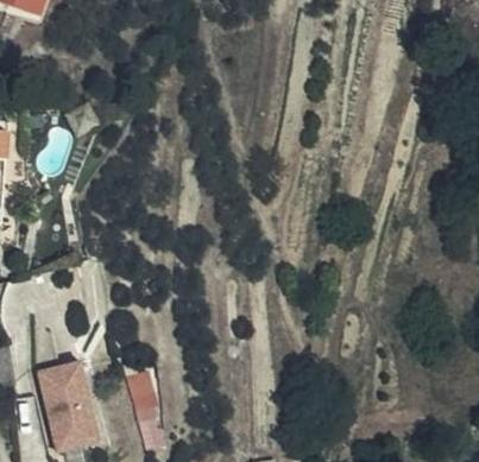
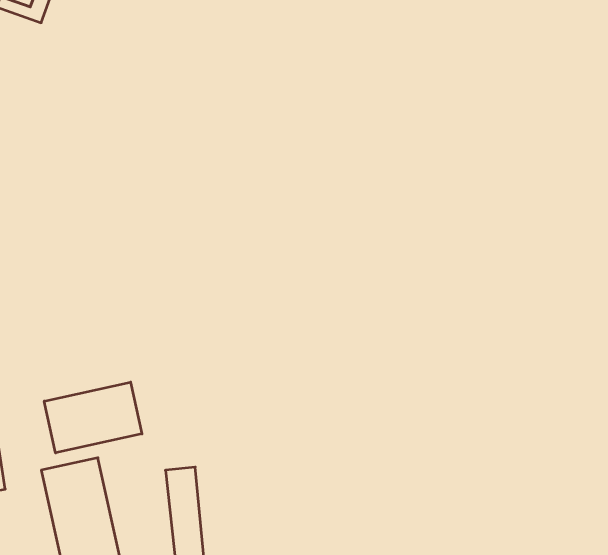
building: none -> [44,382,142,453]

